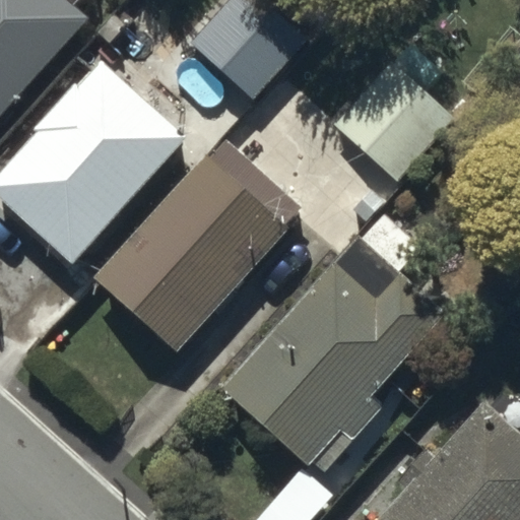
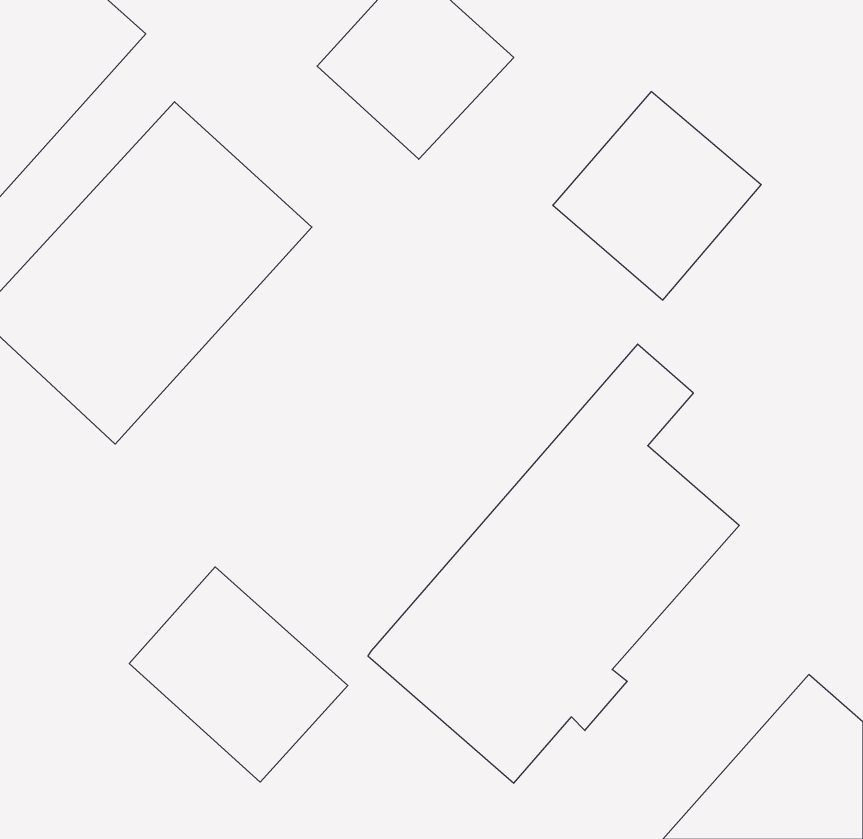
building: [93,138,302,353] -> none
building: none -> [129,567,348,782]

